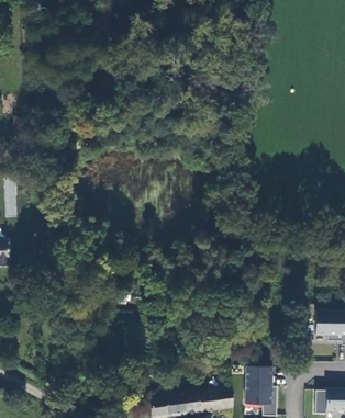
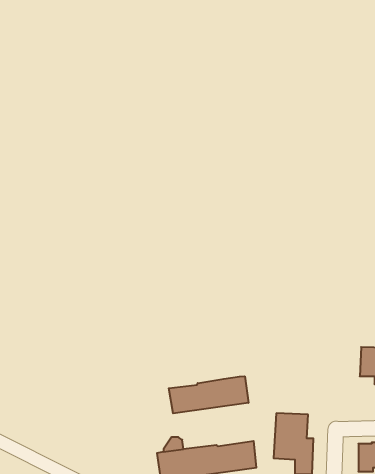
building: none -> [169,376,248,413]

